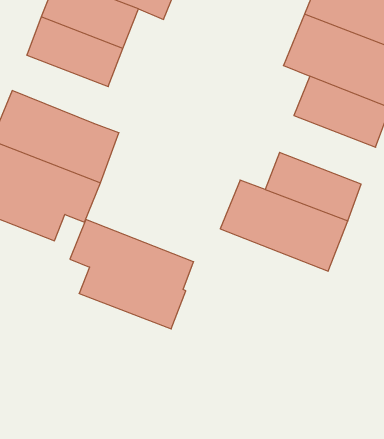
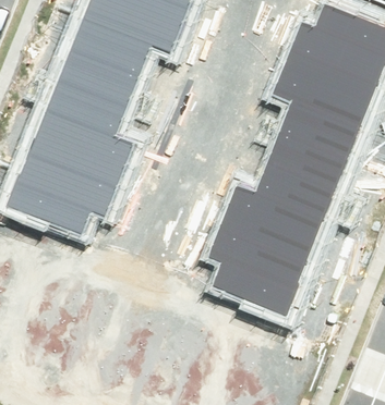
building: none -> [47,82,127,138]
building: none -> [268,132,348,188]
building: [70,220,194,329] -> [206,225,309,316]

